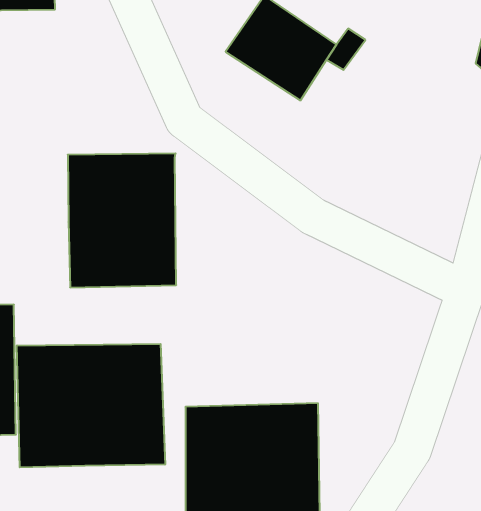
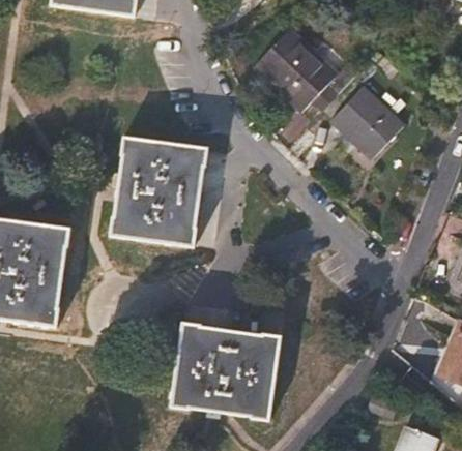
building: none -> [333,86,404,157]
building: [17,344,165,467] -> none

